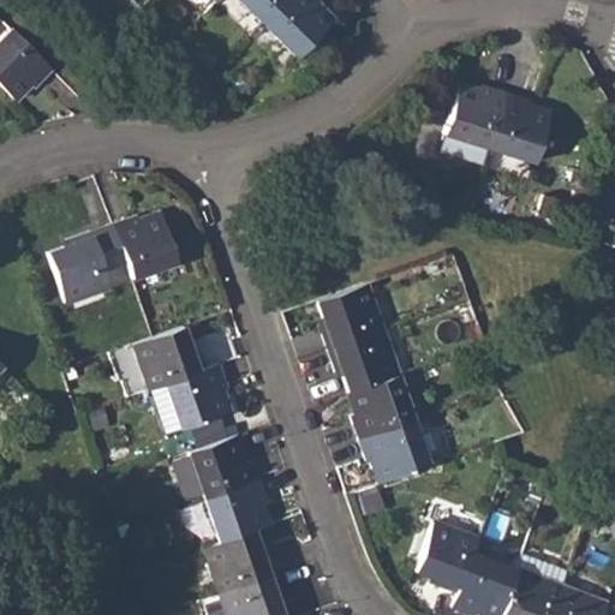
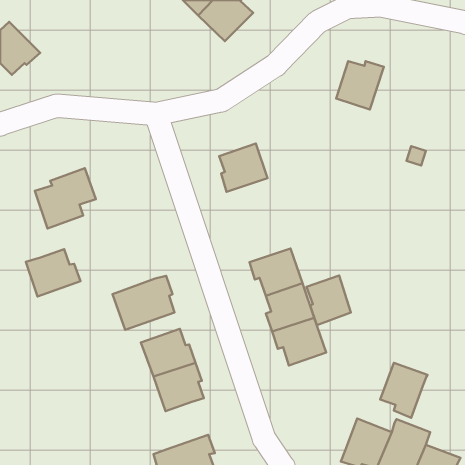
building: [489,90,551,162] -> none
building: [114,214,179,279] -> none
building: [321,283,384,347] -> [219,143,268,192]
building: [135,327,207,389] -> [26,249,81,297]
building: none -> [307,276,351,325]
building: [416,523,478,595] -> [380,363,428,418]
building: [205,531,276,593] -> none

